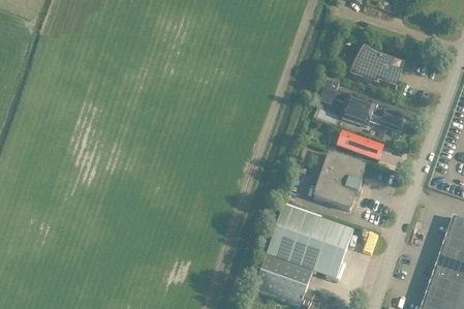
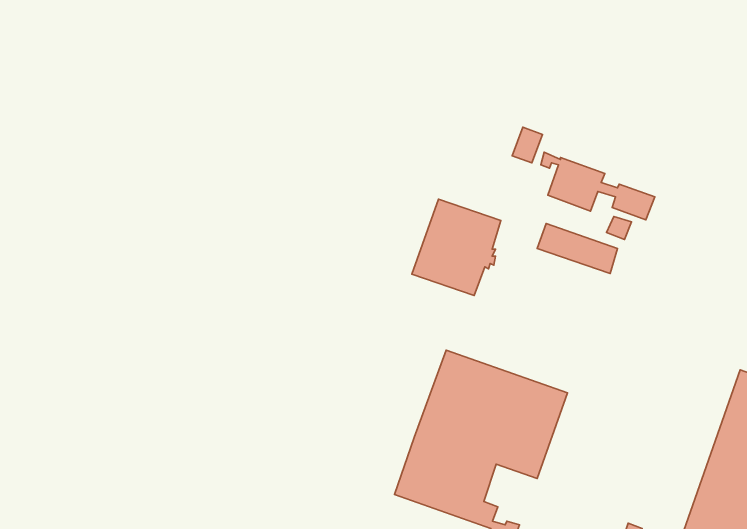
building: [350,44,400,85] -> none
building: [312,152,364,208] -> [412,199,501,295]

